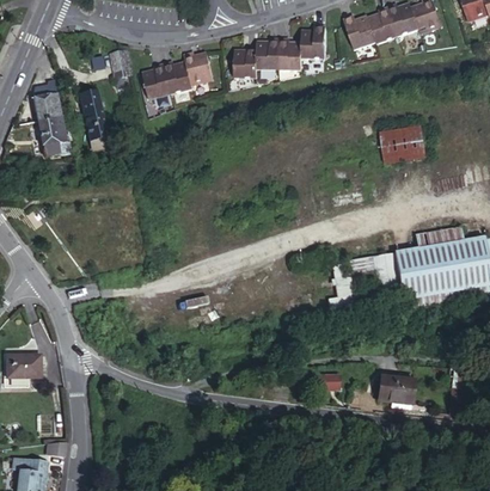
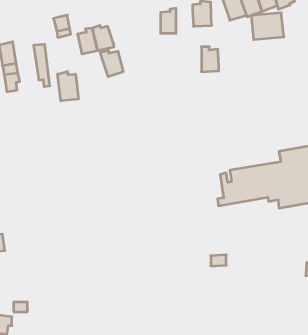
building: [276,35,300,69] -> [201,47,219,72]
building: [231,44,255,78] -> none
building: [179,49,212,85] -> [100,51,123,77]
building: none -> [58,71,78,101]
building: [385,125,430,162] -> [251,13,284,40]
building: [382,378,418,409] -> none

